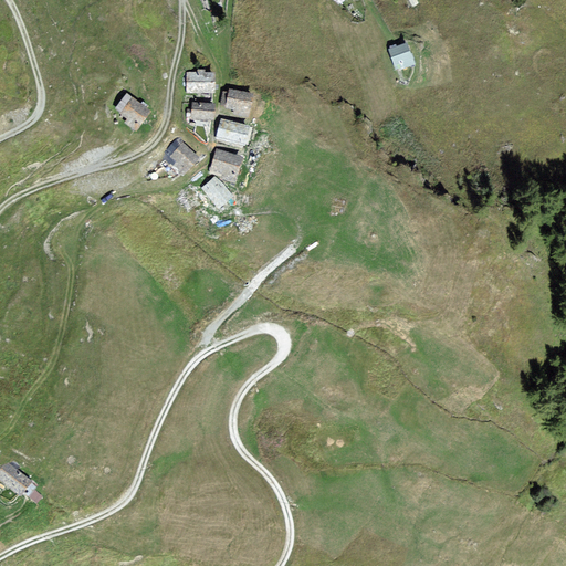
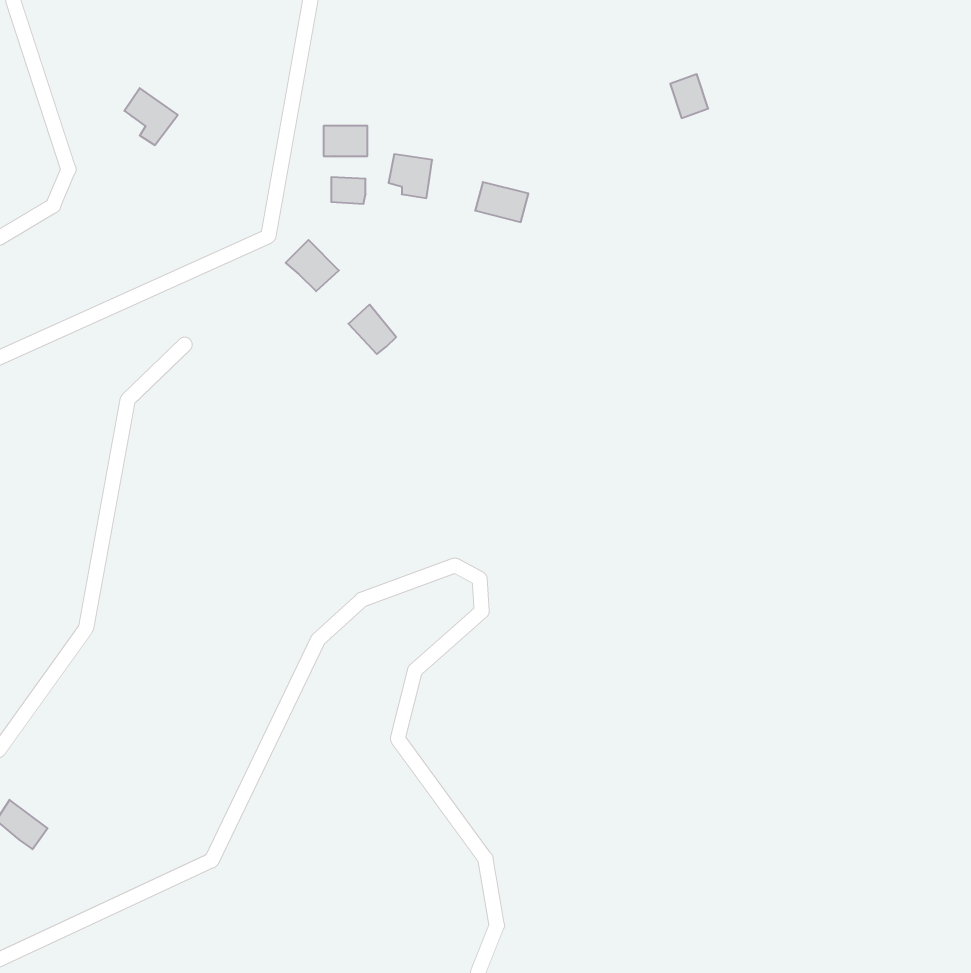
building: [117,95,148,128] -> [124,88,178,145]
building: [218,119,249,143] -> [475,182,528,222]
building: [210,150,240,179] -> none

